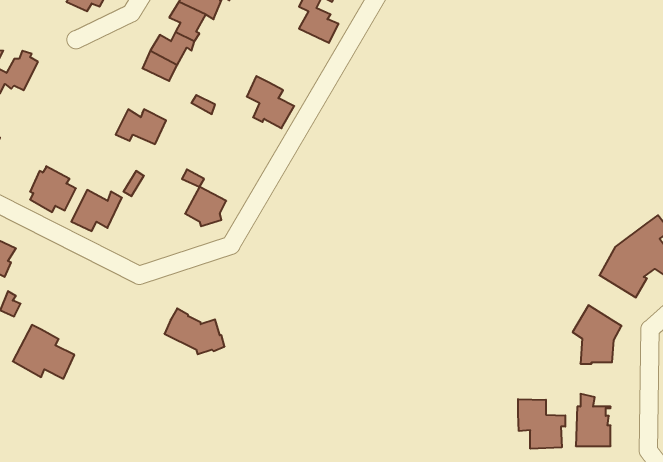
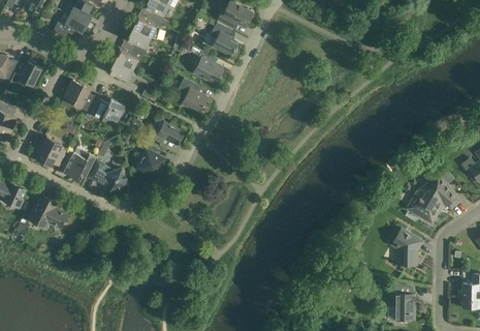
building: none -> [183,41,223,84]
building: none -> [61,80,95,112]
building: none -> [148,121,183,145]
building: [164,308,225,354] -> [89,160,128,190]
building: [13,325,74,379] -> [28,194,68,230]
building: [518,399,565,449] -> none

